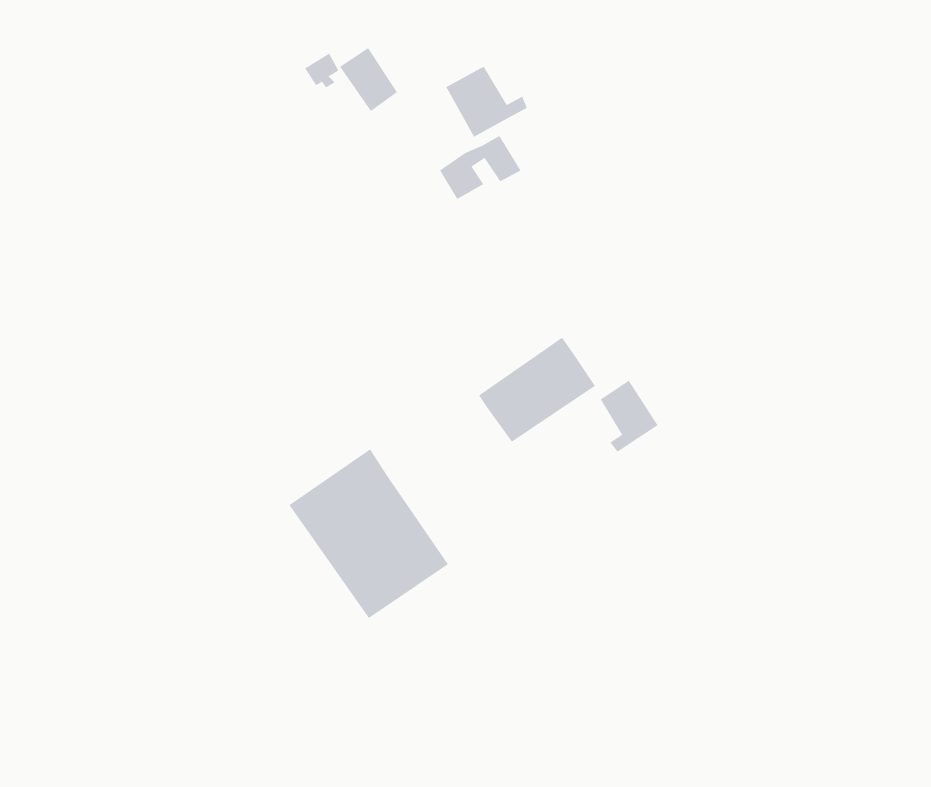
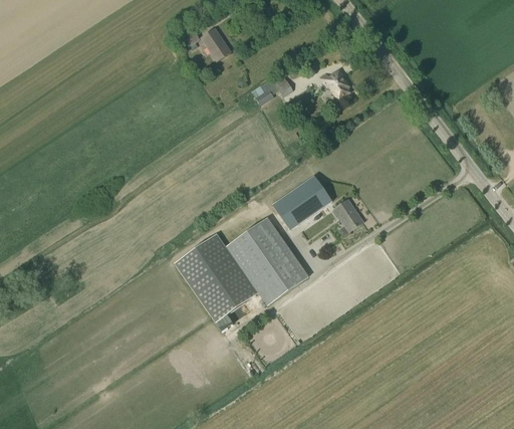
building: [445,66,528,137] -> none
building: none -> [320,72,349,98]
building: none -> [226,217,308,304]

